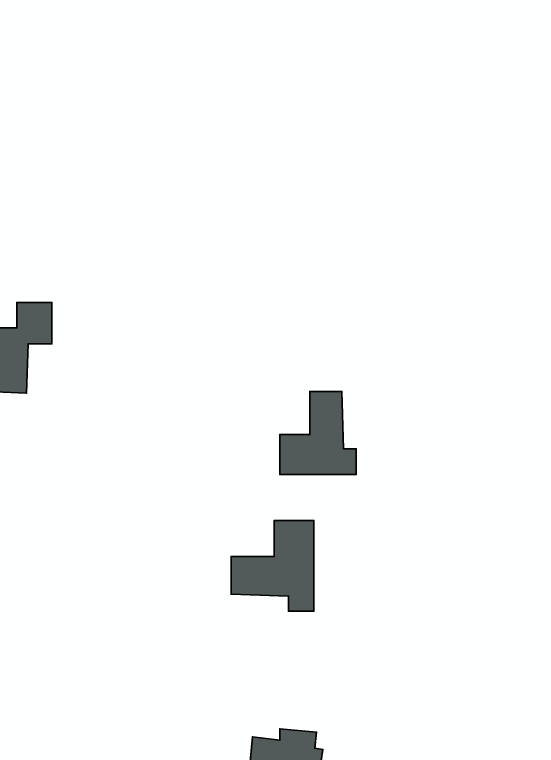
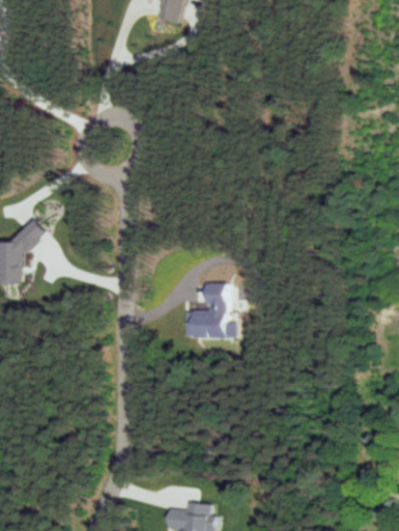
building: [231,521,314,611] -> none

